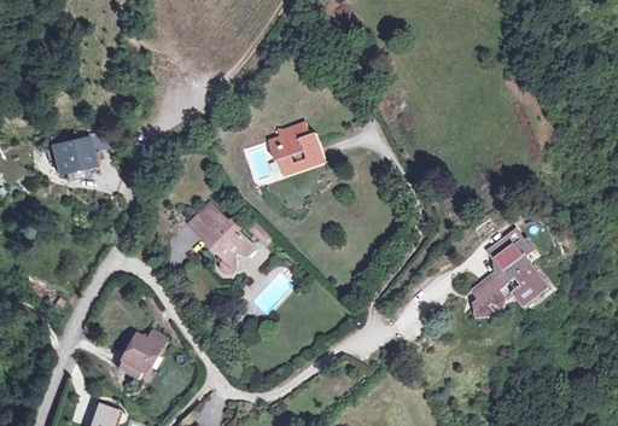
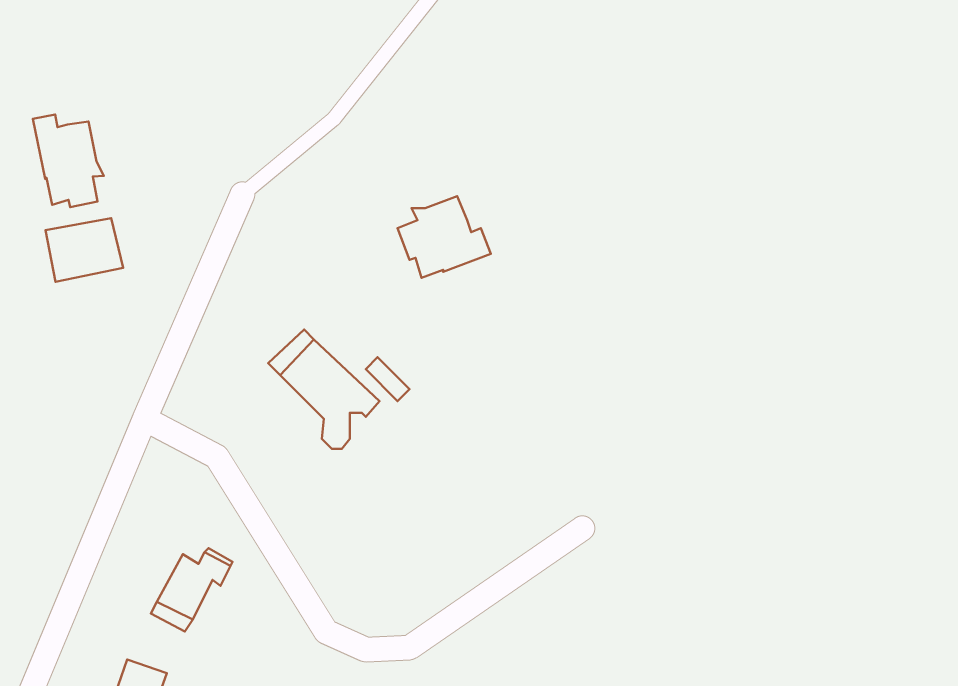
building: none -> [33,115,104,207]
building: [471,228,552,320] -> none

